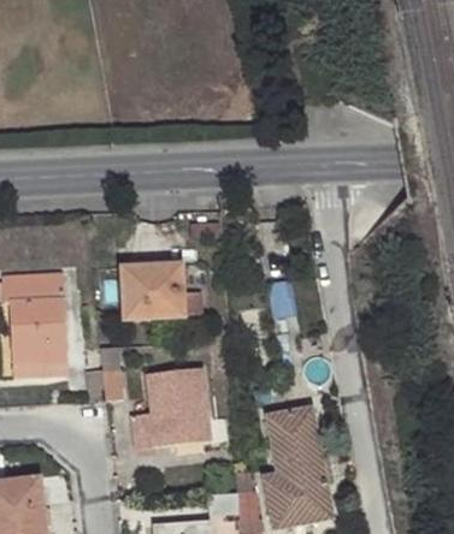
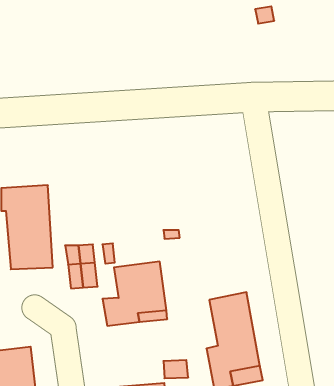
building: [119,262,204,320] -> none

